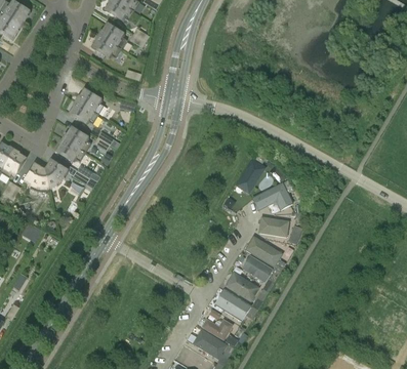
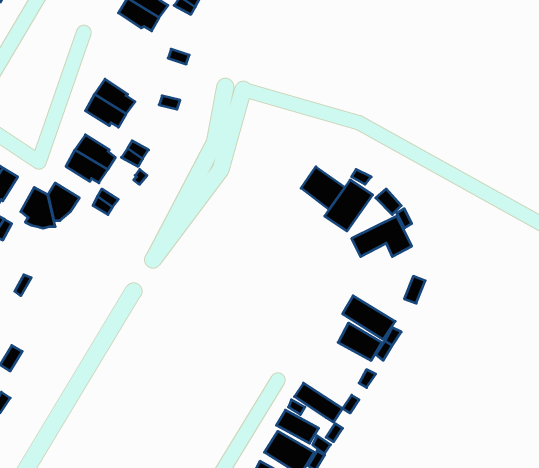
building: none -> [301,167,345,209]
building: [259,217,289,237] -> none
building: [226,272,260,301] -> none

